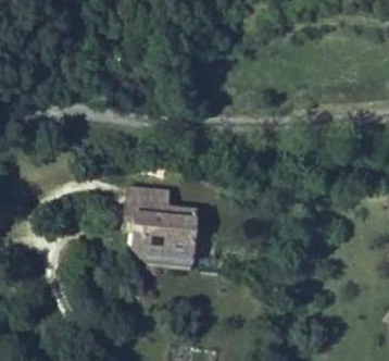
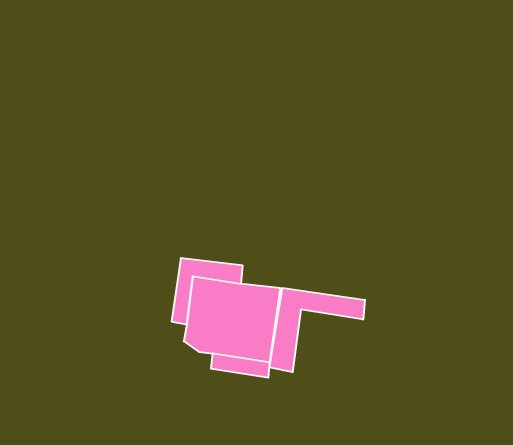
building: none -> [269,288,365,372]

